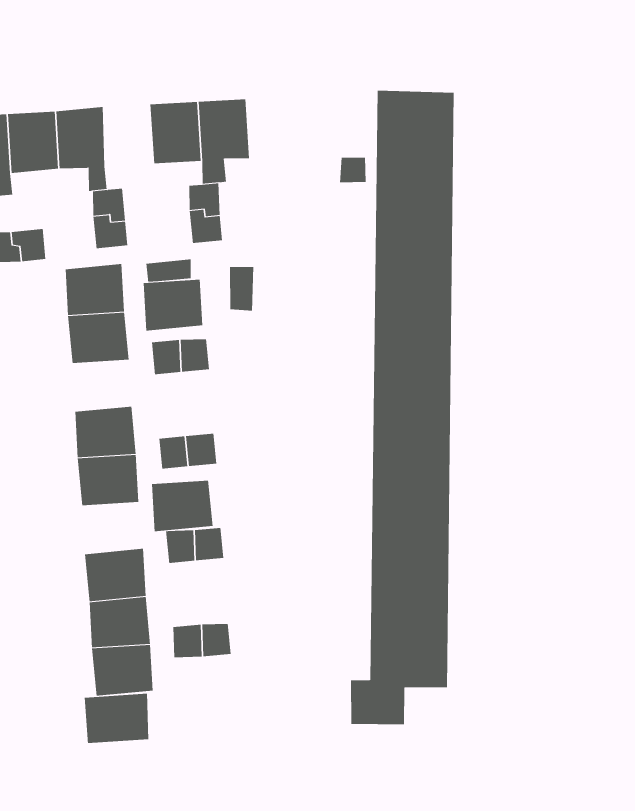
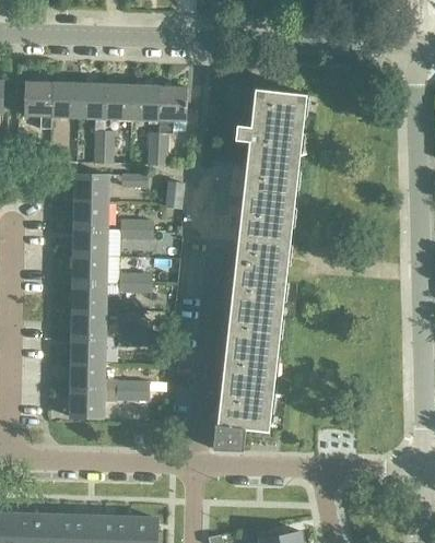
building: none -> [104,84,132,119]
building: [143,279,203,331] -> [73,227,107,255]
building: [151,480,213,532] -> [71,308,105,335]
building: [84,693,149,744] -> none

